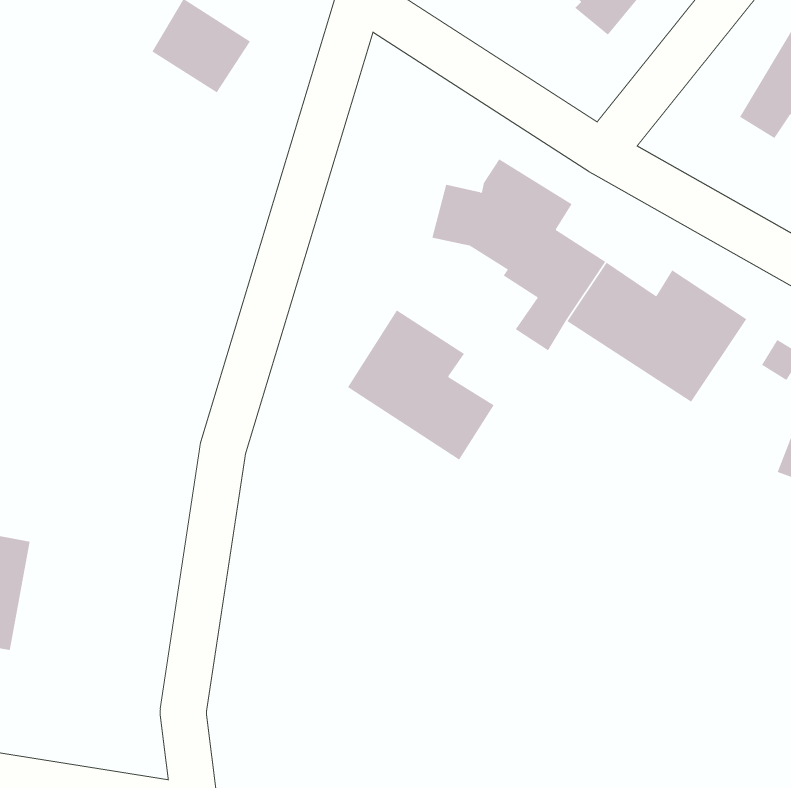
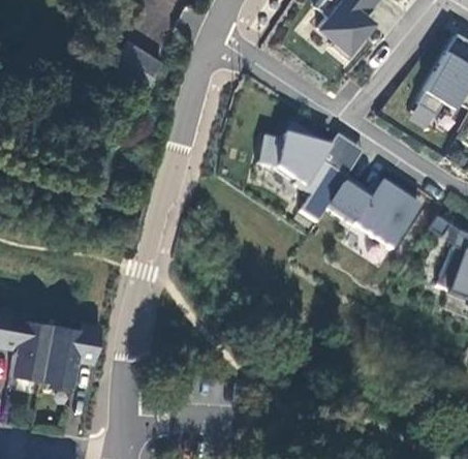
building: none -> [322,134,365,177]
building: [347,310,495,460] -> none
building: none -> [38,320,96,385]

